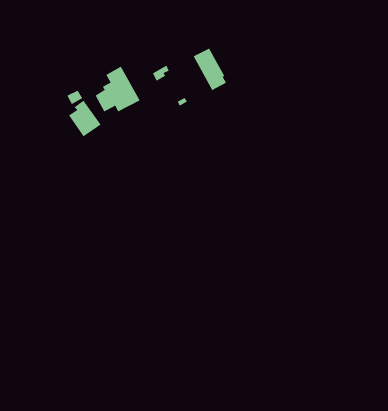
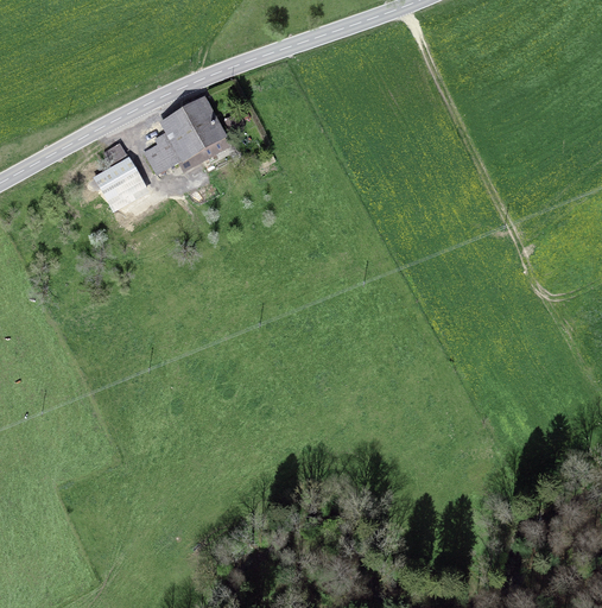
building: [193,48,227,91] -> [180,95,229,157]

